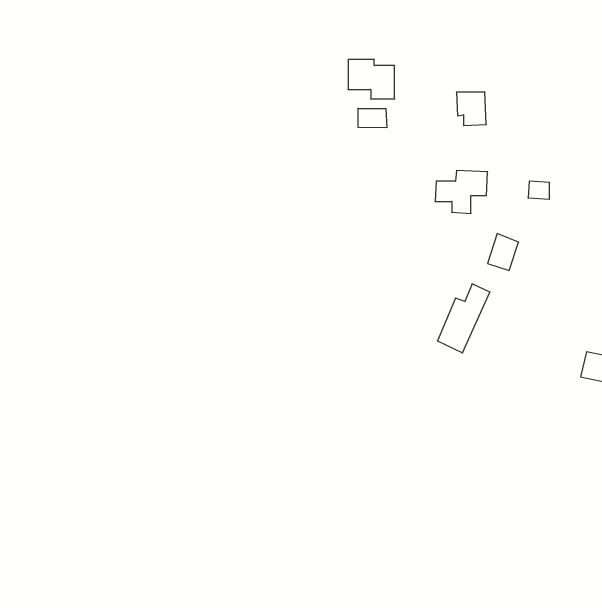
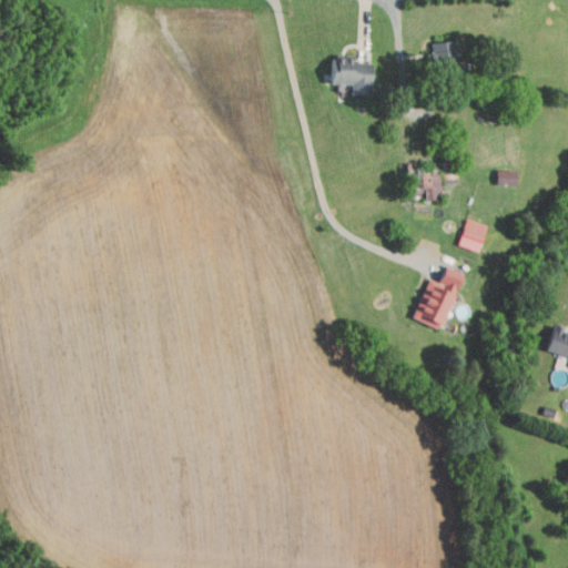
building: [456,92,486,126] -> [433,42,460,73]
building: [358,108,387,128] -> none

